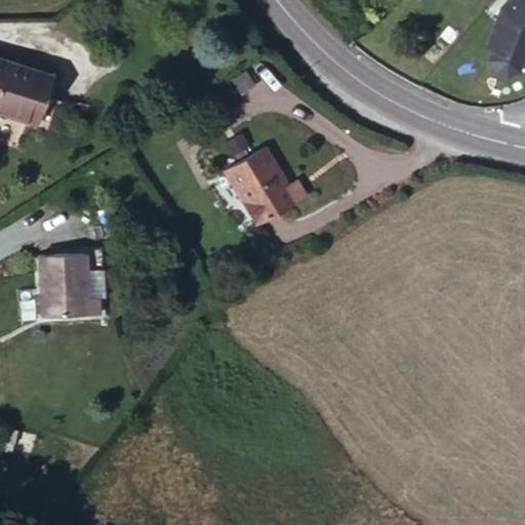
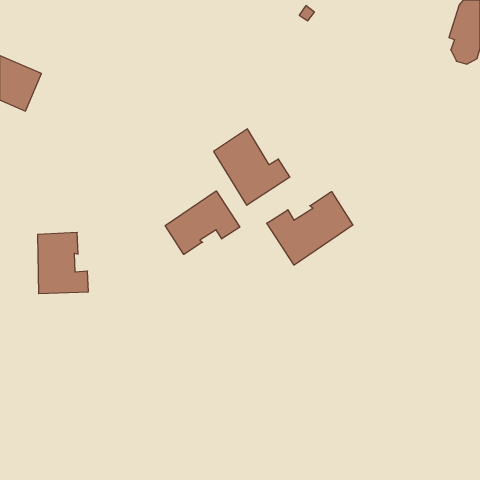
building: none -> [165,191,240,254]
building: none -> [267,192,353,265]

